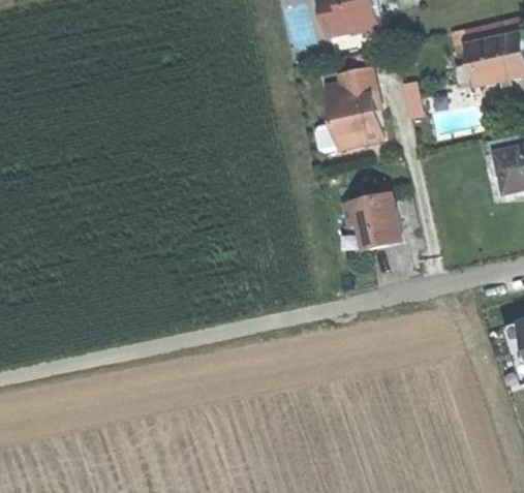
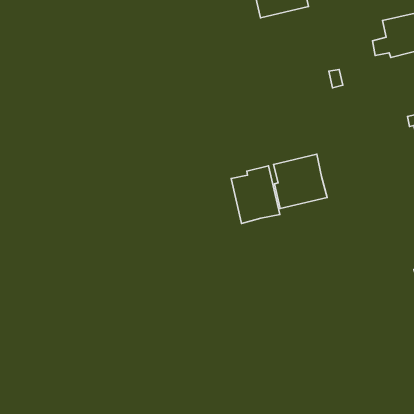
building: [332,66,391,148] -> none
building: none -> [231,166,280,223]

